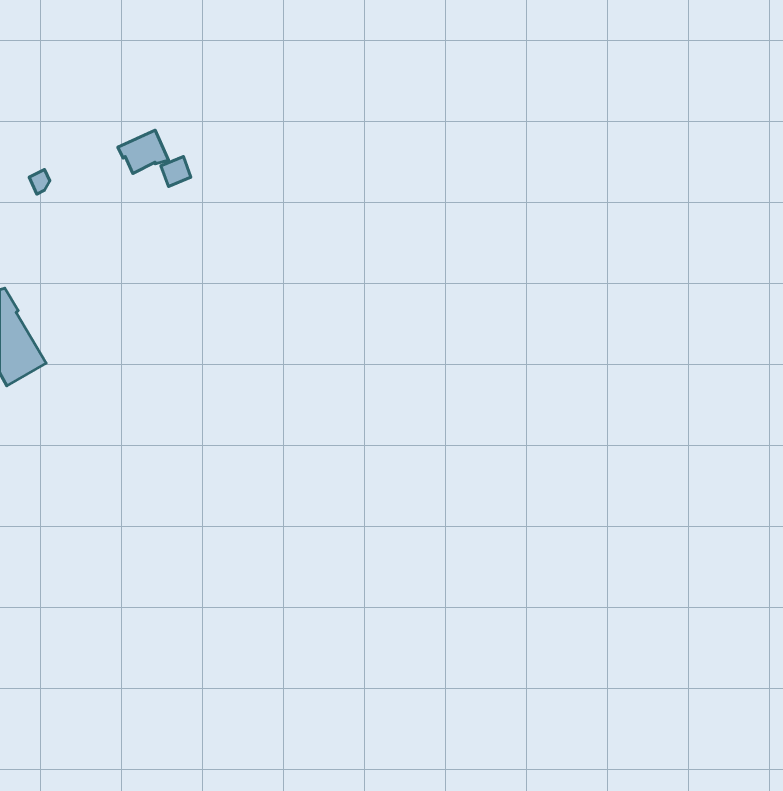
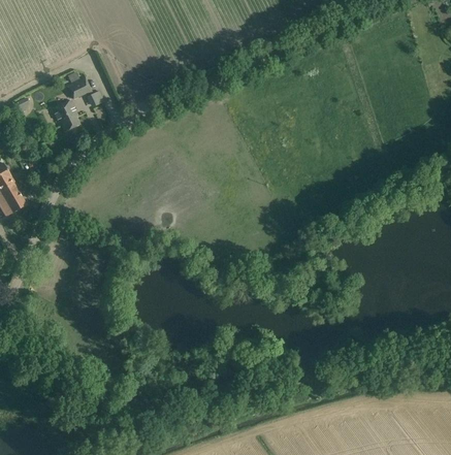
building: none -> [52,100,79,131]

